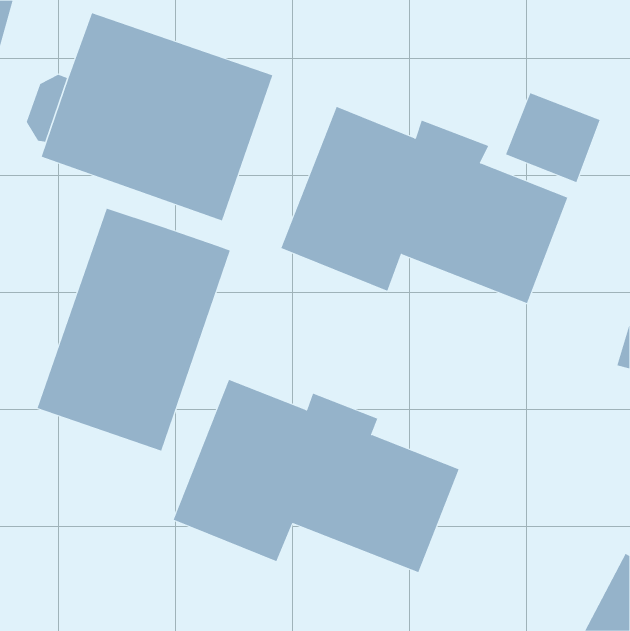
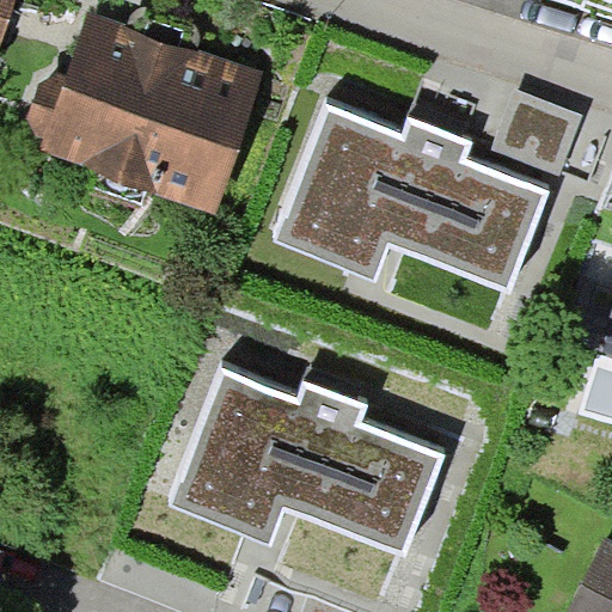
building: [37,208,230,452] -> none

